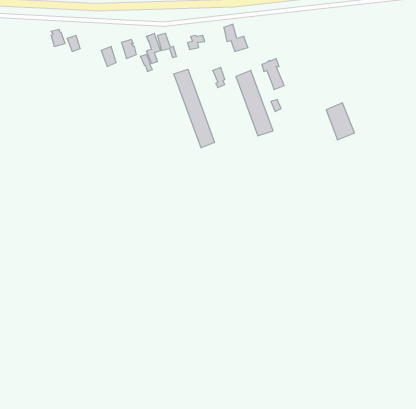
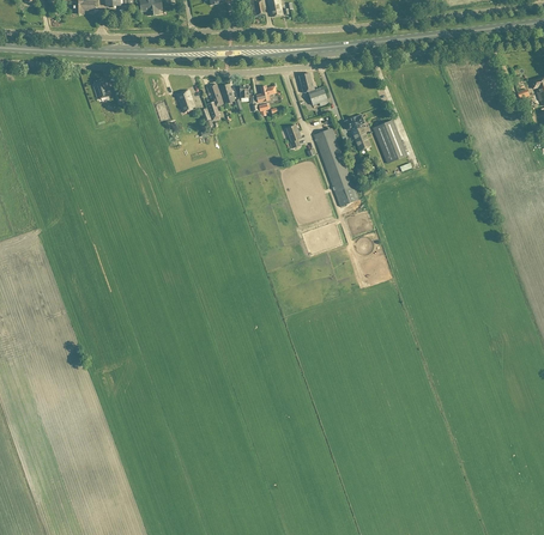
building: [174,69,214,148] -> none
building: [326,103,354,140] -> [373,117,406,162]

